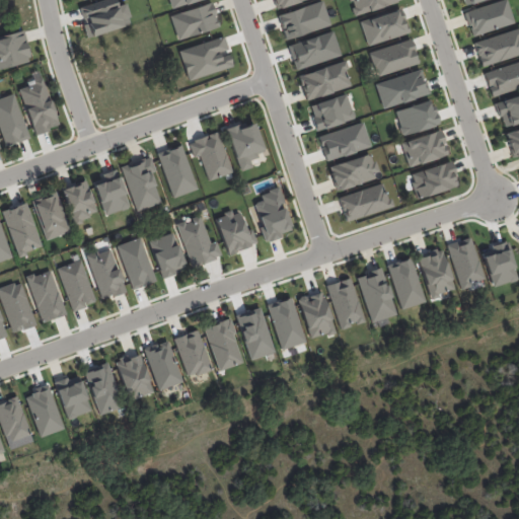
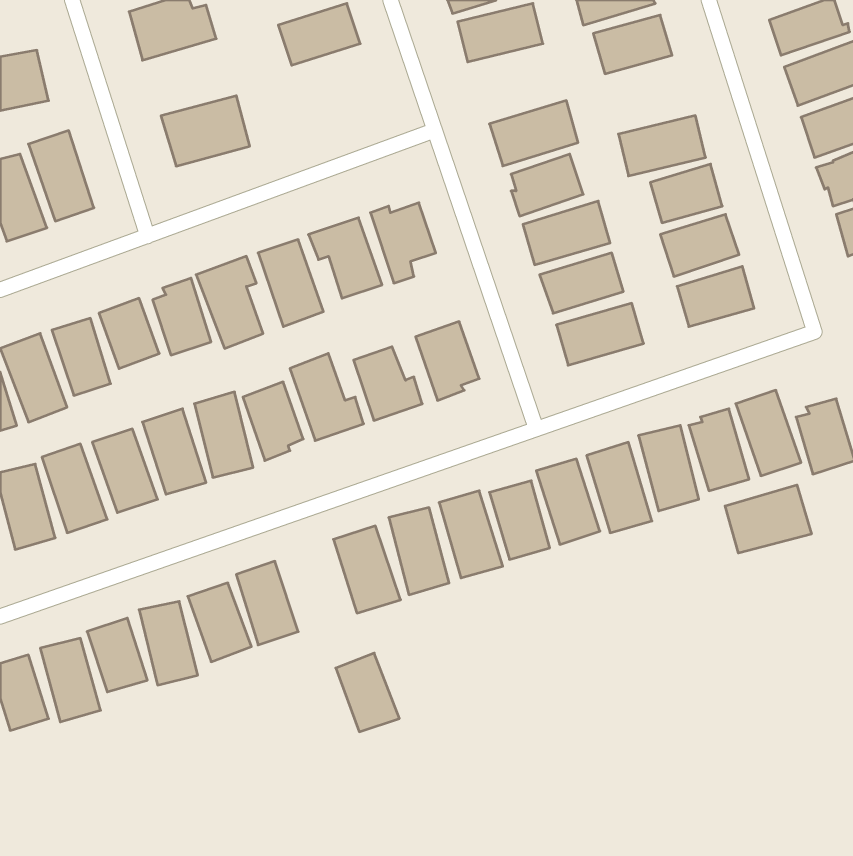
building: [289,31,341,69] -> none
building: [179,36,233,79] -> [161,96,250,166]
building: [369,39,419,76] -> none
building: none -> [725,485,811,553]
building: [174,329,213,377] -> [336,653,399,732]

